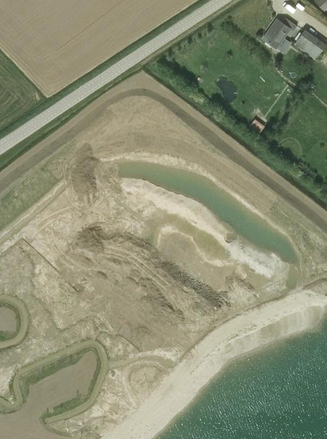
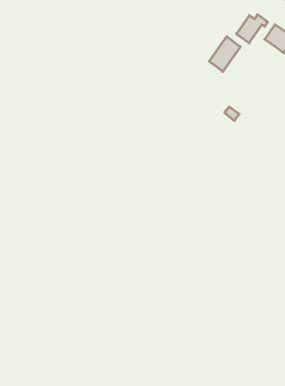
building: none -> [209,37,240,72]

